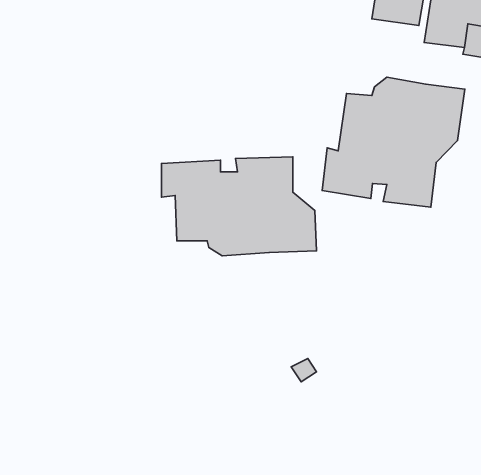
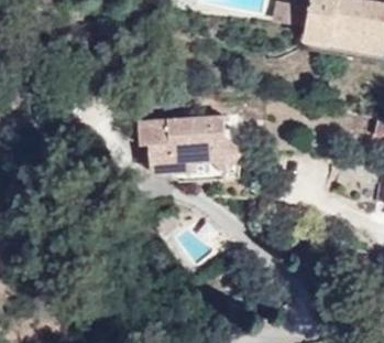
building: [322,77,465,207] -> none

